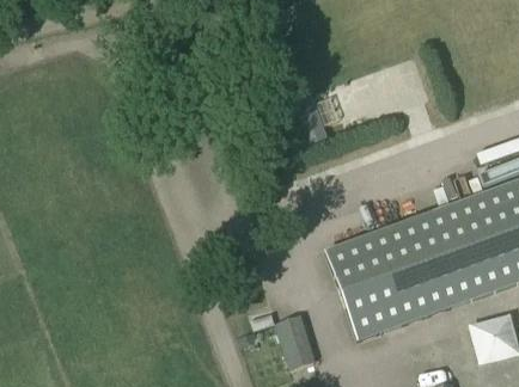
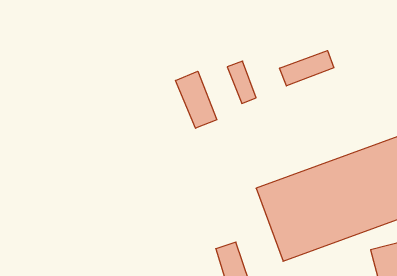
building: none -> [280,51,334,86]
building: none -> [176,71,217,128]

